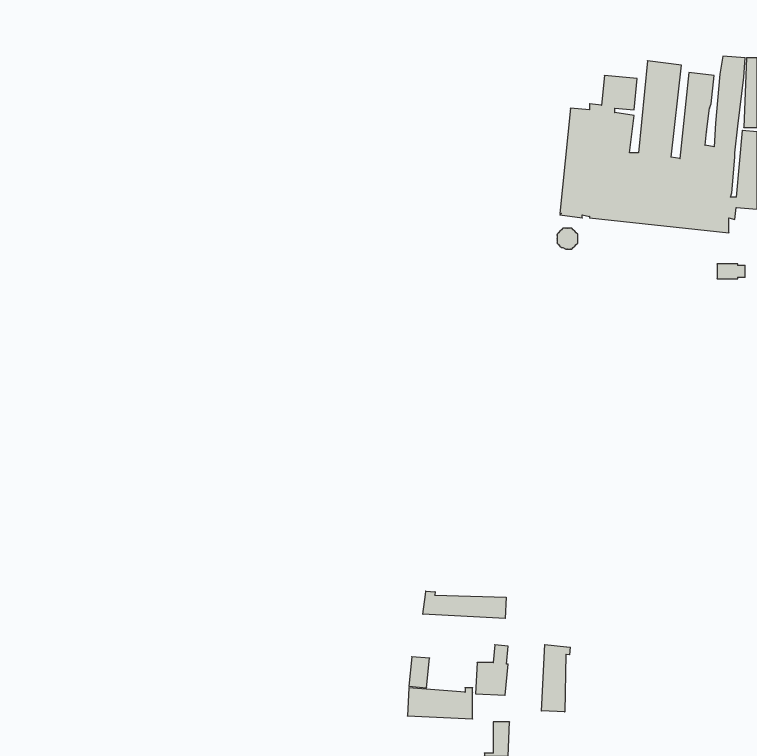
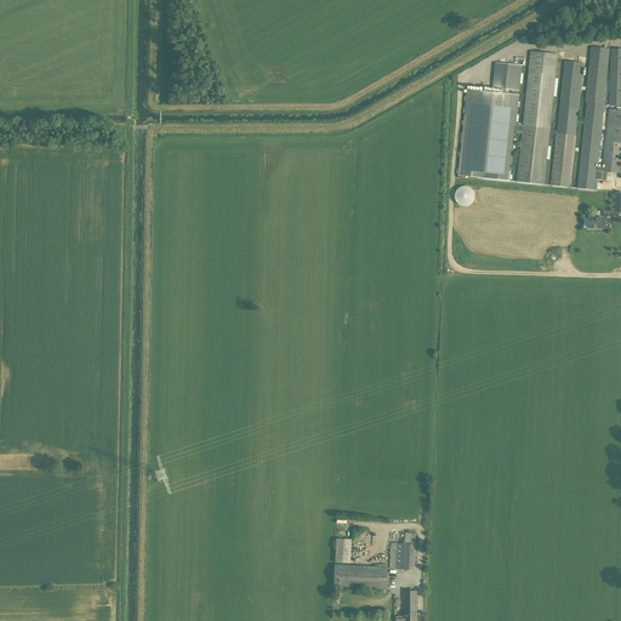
building: [423,591,506,618] -> none
building: [541,645,570,712] -> none

